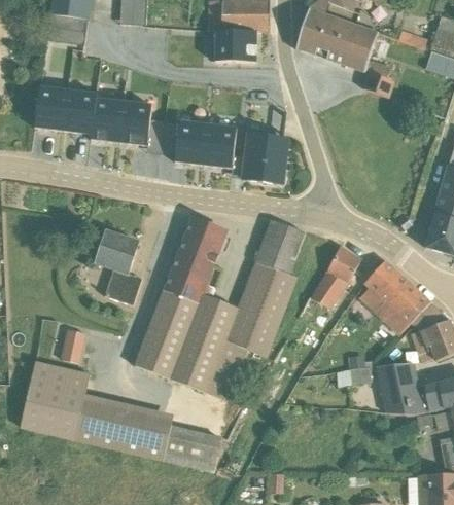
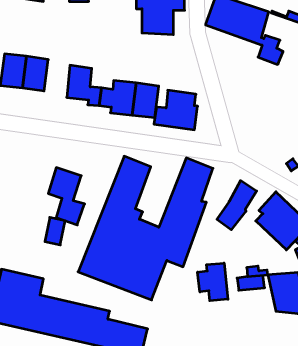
building: [90,97,123,141] -> none
building: [59,327,84,362] -> [45,217,65,245]
building: none -> [198,263,228,301]

